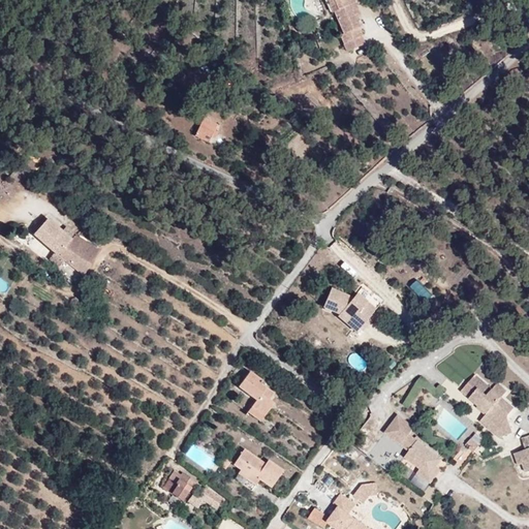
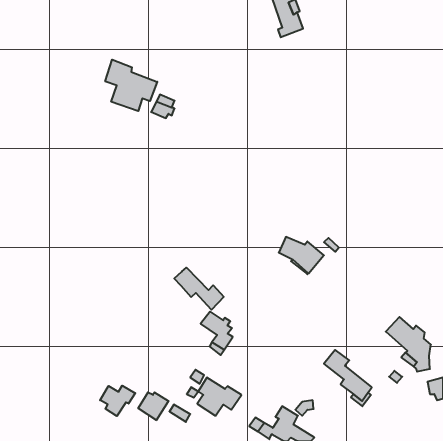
building: none -> [105,60,157,111]
building: [29,216,95,269] -> none
building: none -> [174,268,224,310]
building: none -> [100,386,135,416]

